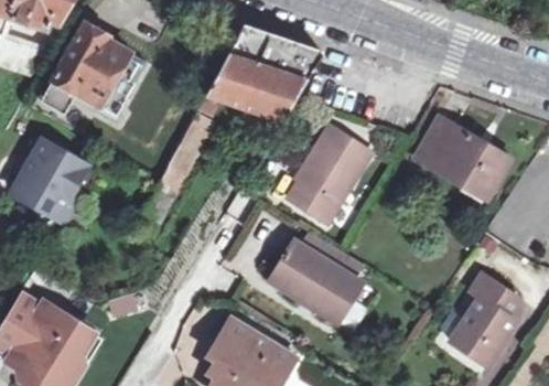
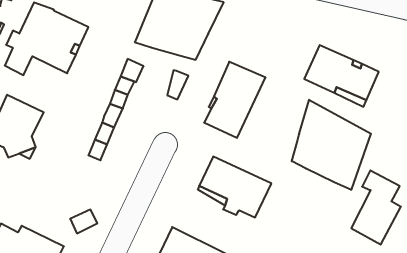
building: none -> [292,100,371,190]

